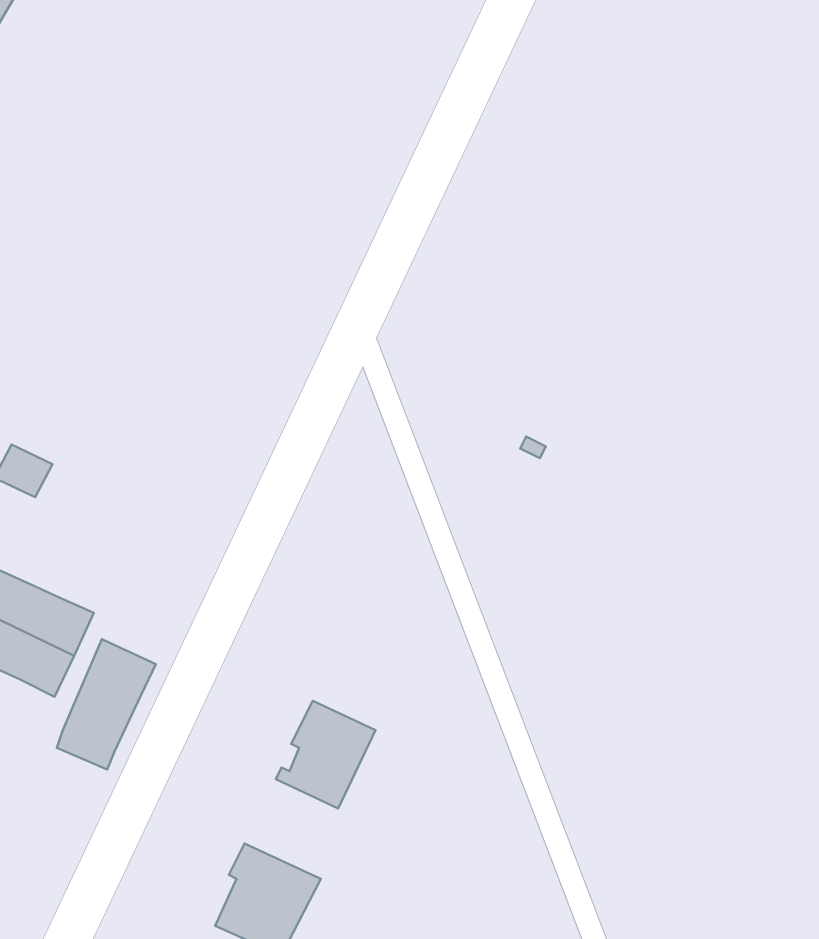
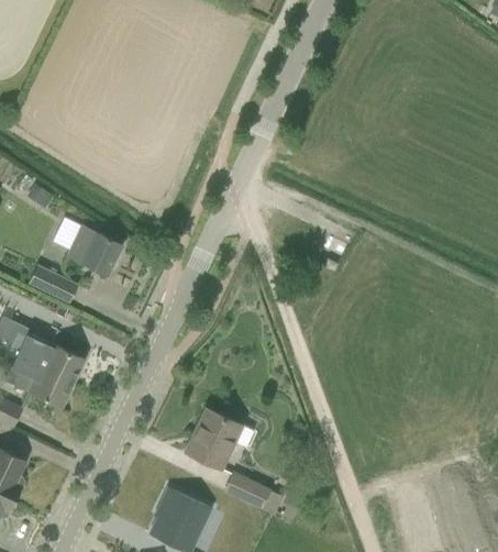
building: none -> [53,217,122,275]
building: [57,639,156,770] -> none
building: none -> [225,474,283,515]

